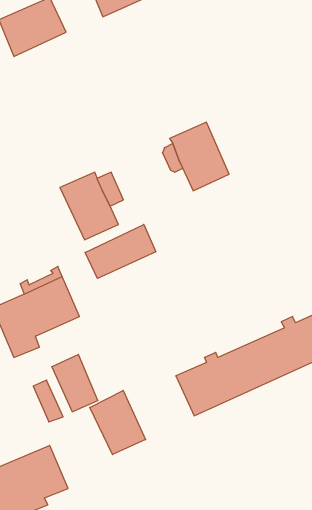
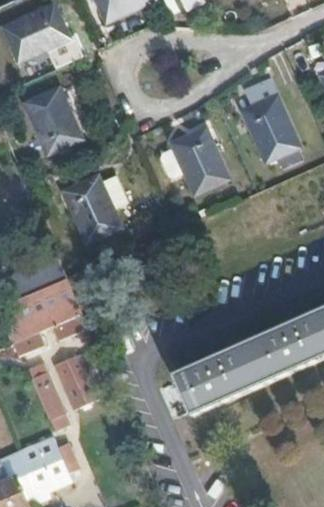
building: none -> [243,77,300,160]
building: none -> [24,85,80,150]
building: [85,224,156,278] -> none
building: [90,390,146,455] -> none

